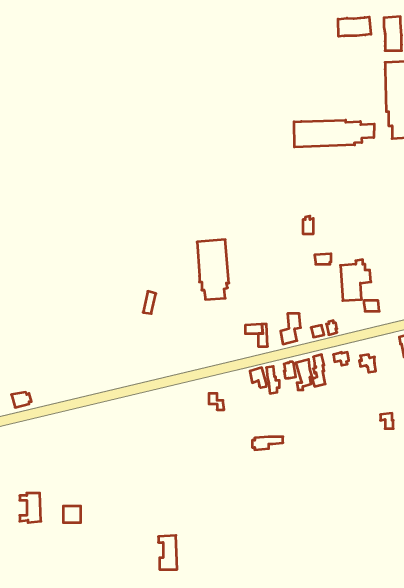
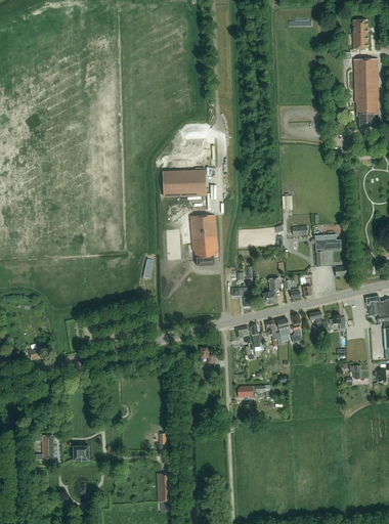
building: [338,17,371,36] -> none
building: [294,120,374,147] -> none
building: none -> [162,168,204,196]

